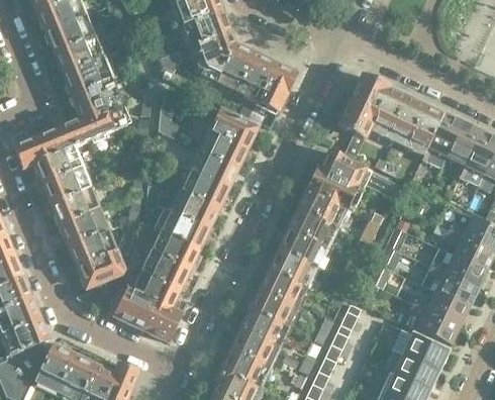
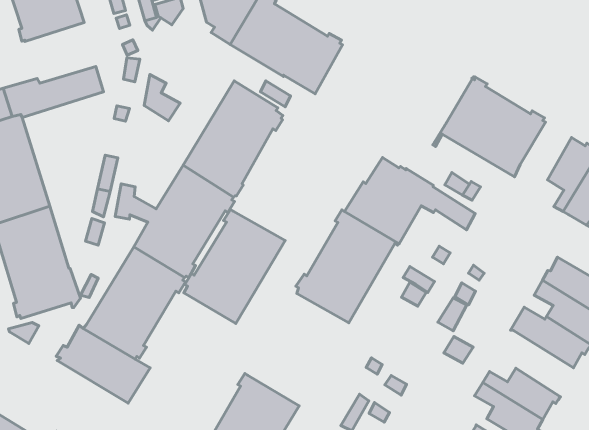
building: [72,75,123,120] -> none
building: [339,75,389,157] -> none
building: [422,113,462,168] -> none
building: [250,251,317,330] -> [184,209,285,324]
building: [424,264,478,307] -> none

